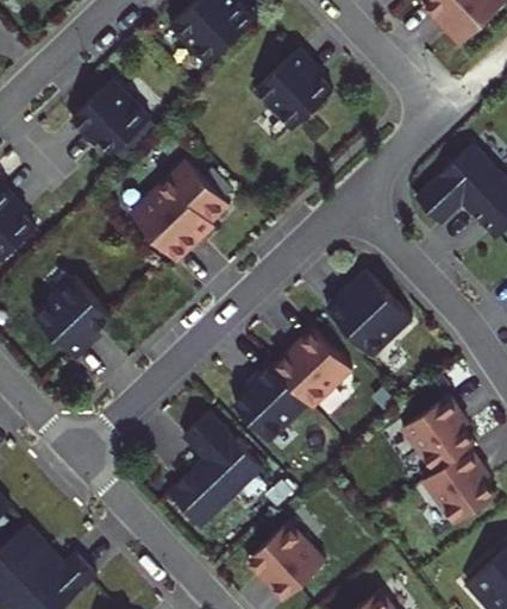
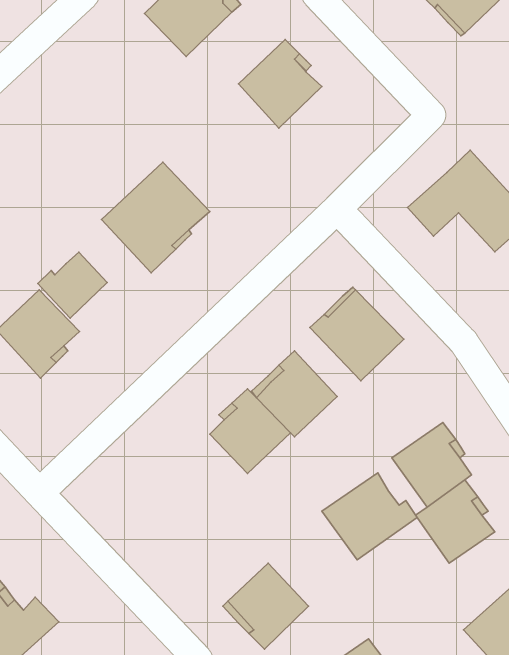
building: [74,76,152,151] -> none
building: none -> [38,252,107,318]
building: [167,413,259,528] -> none
building: none -> [322,473,417,560]

